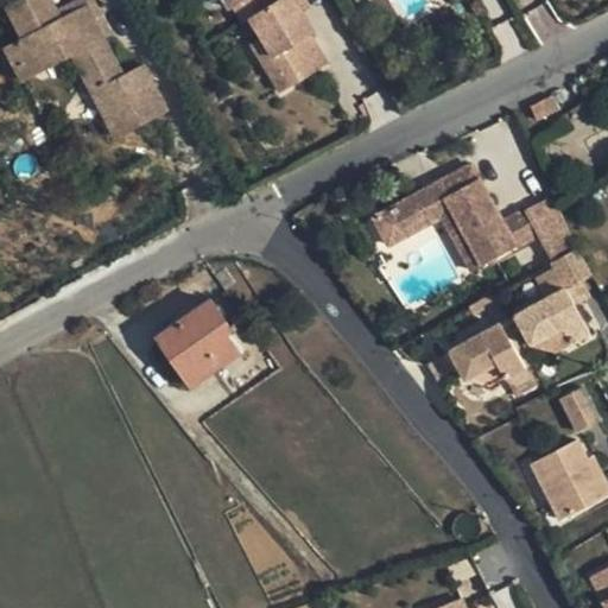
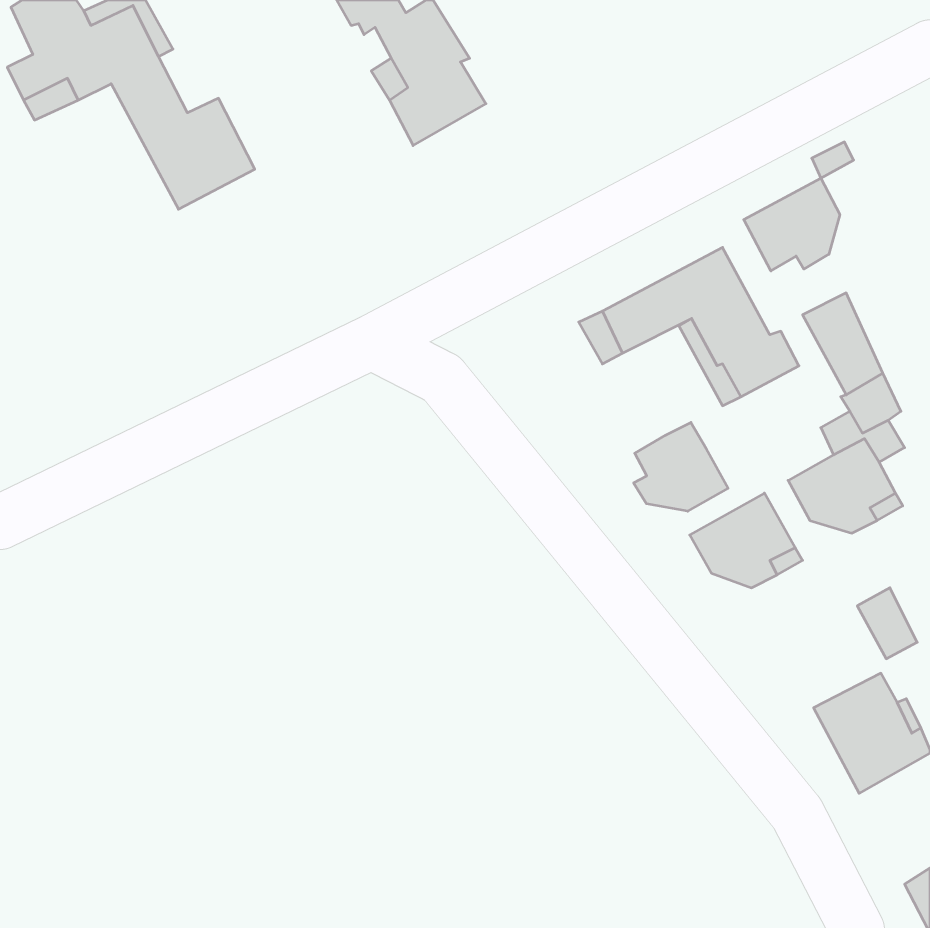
building: none -> [744,178,840,271]
building: none -> [634,422,728,511]
building: [160,302,239,384] -> none

